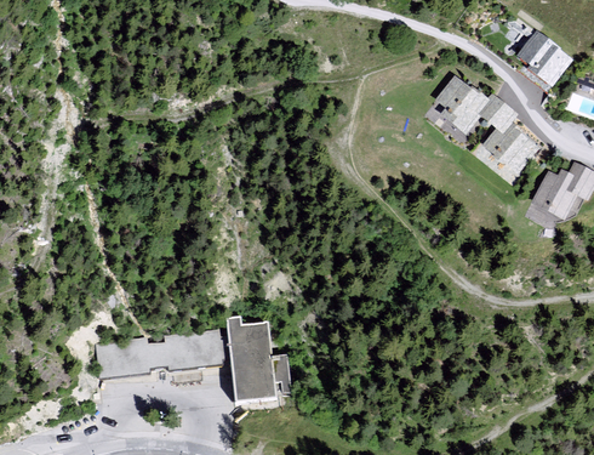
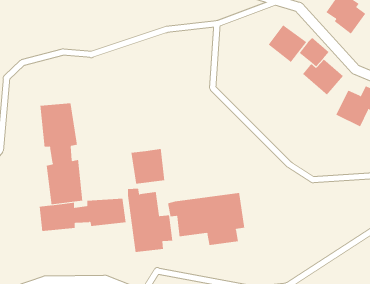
building: none -> [40,103,83,205]
building: none -> [131,148,165,185]
building: none -> [167,192,245,246]

